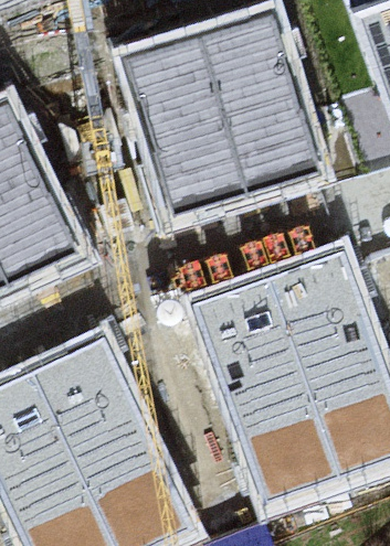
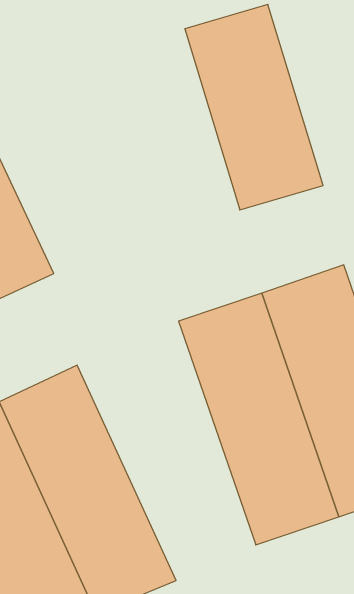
building: [126,31,250,217] -> none

